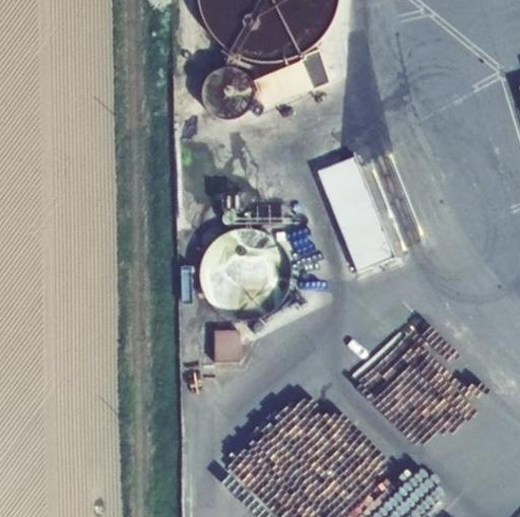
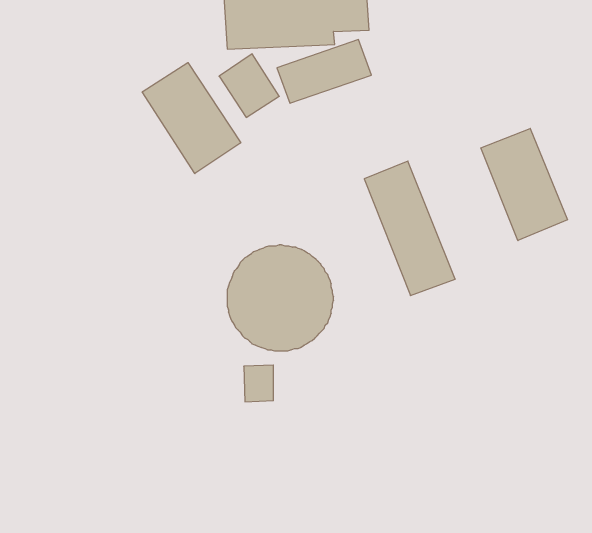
building: none -> [142,63,241,174]
building: none -> [481,128,568,241]

